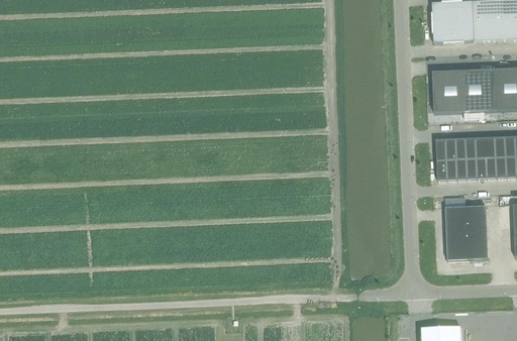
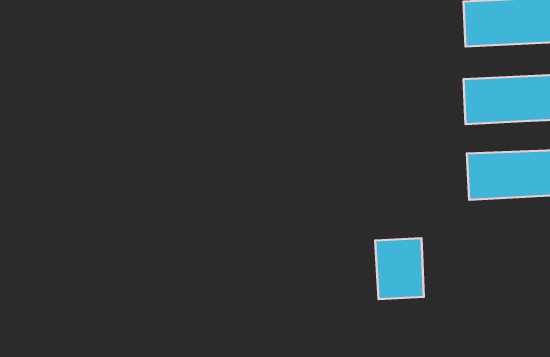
building: [445,206,489,260] -> [375,238,424,299]

